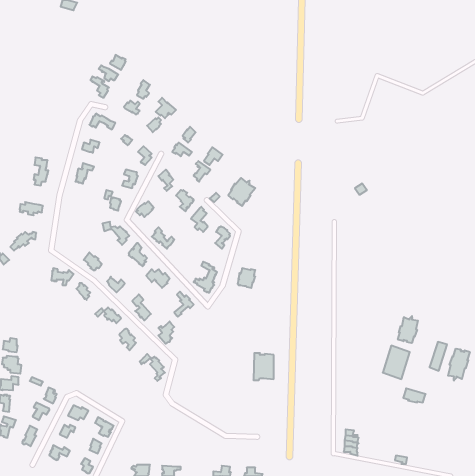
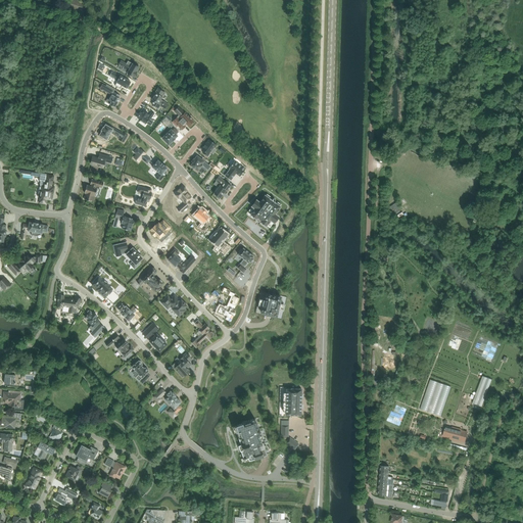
building: [398,316,418,343] -> none
building: [448,349,470,381] -> none
building: none -> [232,418,271,461]

